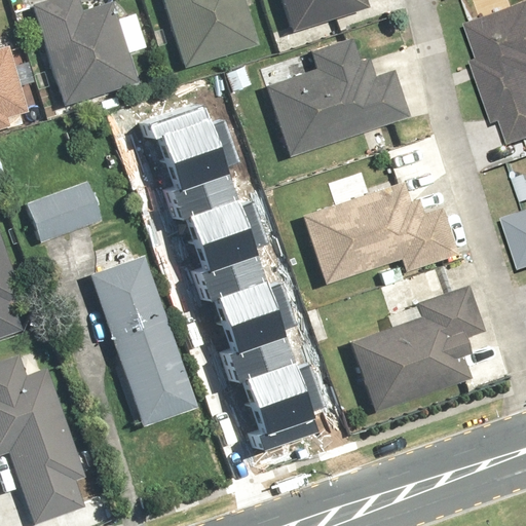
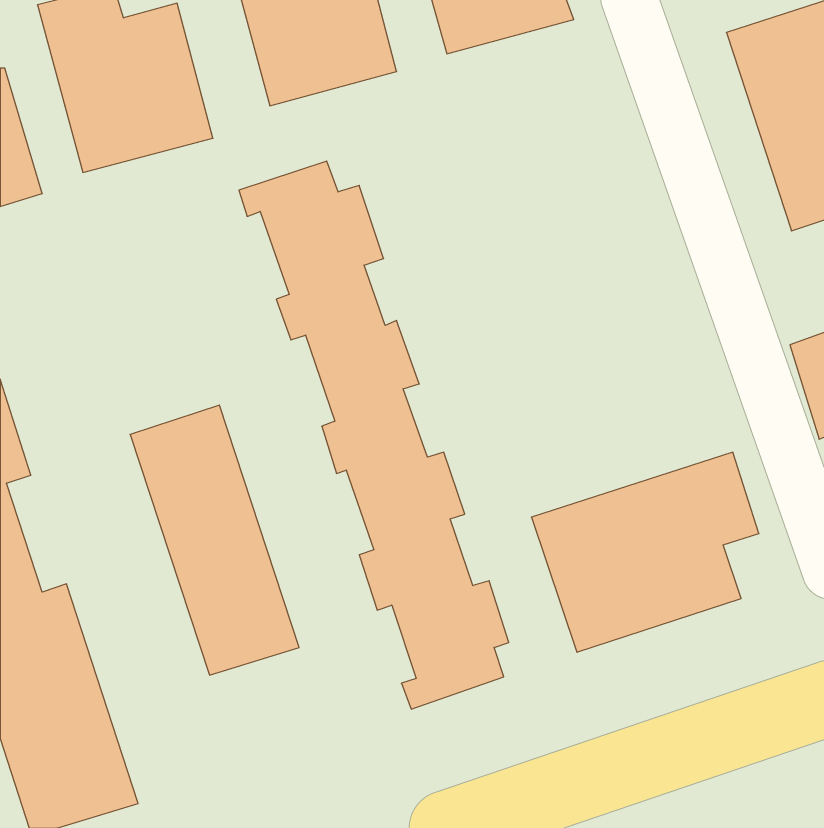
building: [260,38,408,157] -> none
building: [26,177,103,241] -> none
building: [297,178,456,284] -> none

